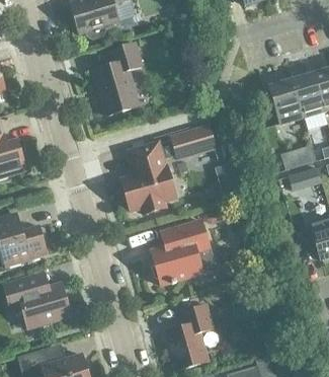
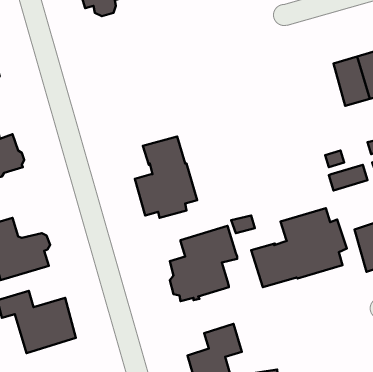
building: [94,43,142,116] -> none
building: [270,80,303,123] -> none
building: [169,125,217,161] -> none
building: none -> [251,208,347,287]

